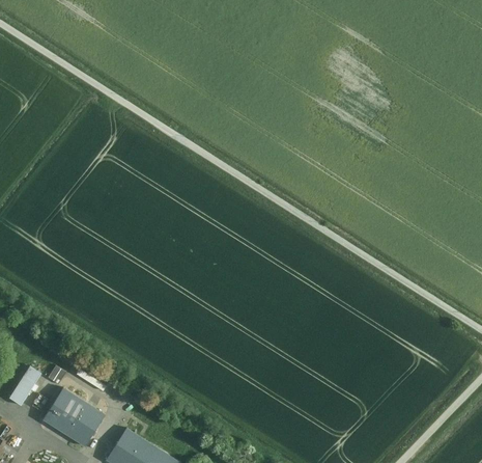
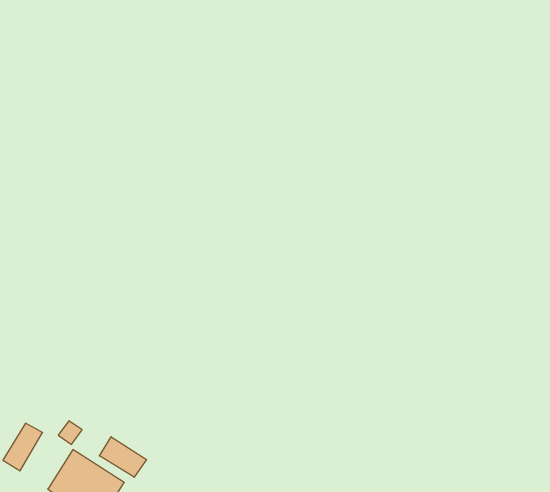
building: none -> [99,437,146,477]

